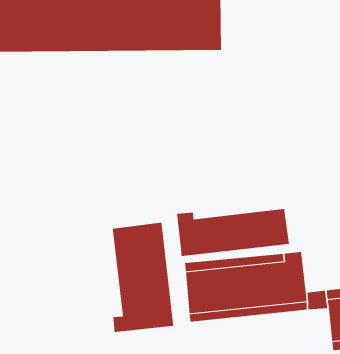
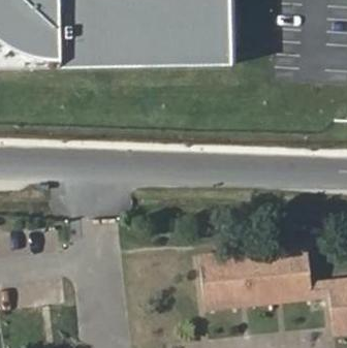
building: [177,208,289,257] -> none
building: [112,222,174,333] -> none

